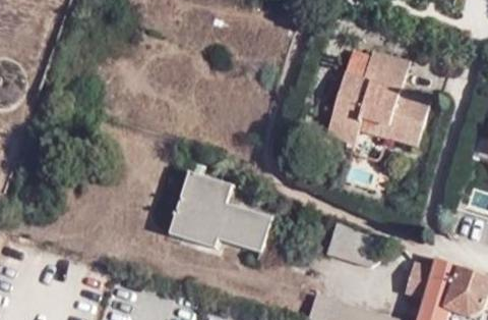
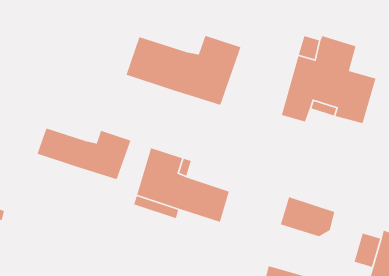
building: none -> [125,35,241,106]
building: none -> [36,128,132,180]

